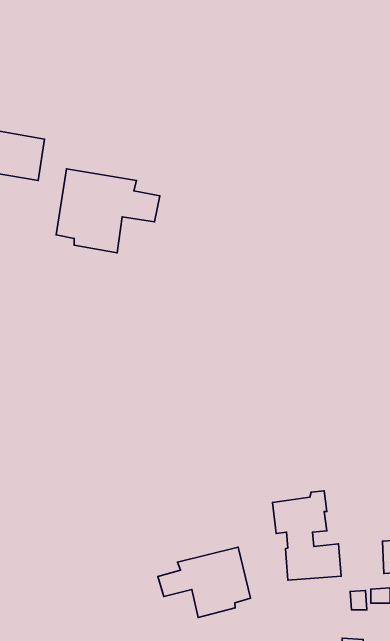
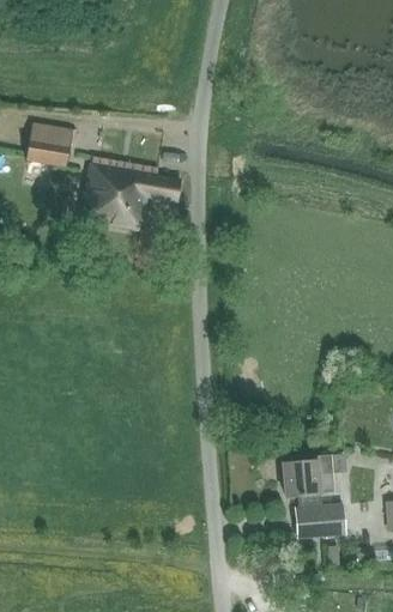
building: [158,547,250,618] -> none

